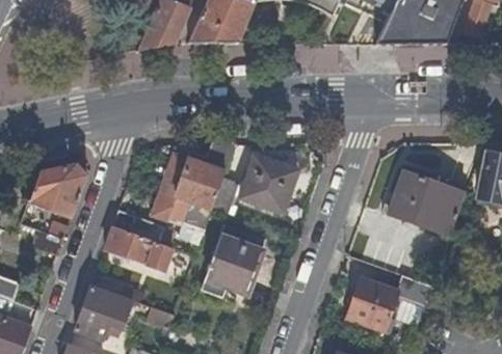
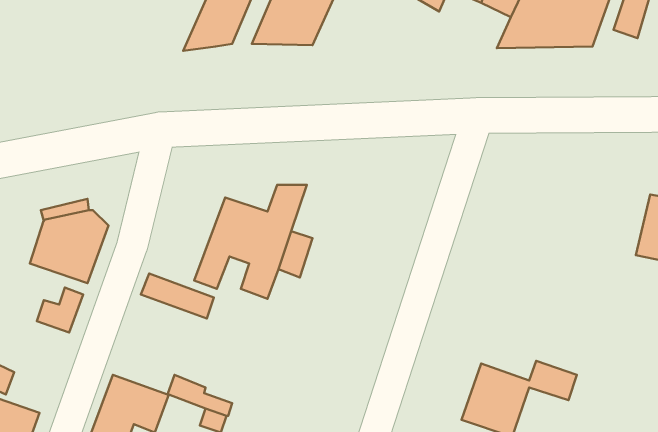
building: [238,156,296,213] -> none
building: [388,171,466,235] -> none
building: [103,225,194,279] -> none
building: [205,237,260,295] -> none

